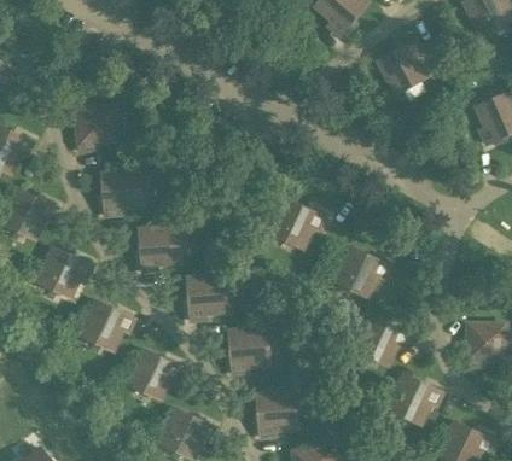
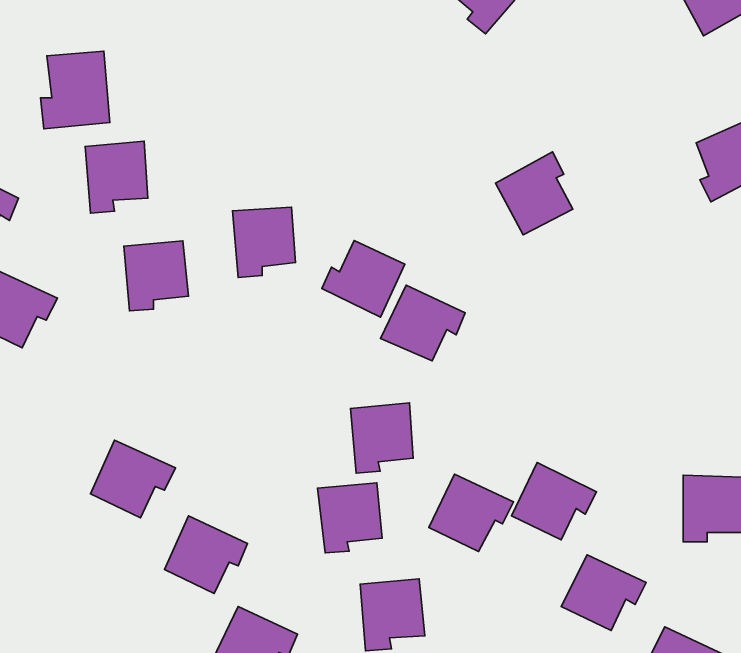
building: [377,40,427,94] -> [495,152,573,235]
building: none -> [41,51,110,129]
building: none -> [322,241,405,317]
building: [139,227,180,273] -> [233,207,295,277]
building: [36,247,92,298] -> none
building: [334,247,390,298] -> [429,474,514,552]
building: [187,275,228,321] -> [351,403,413,473]

